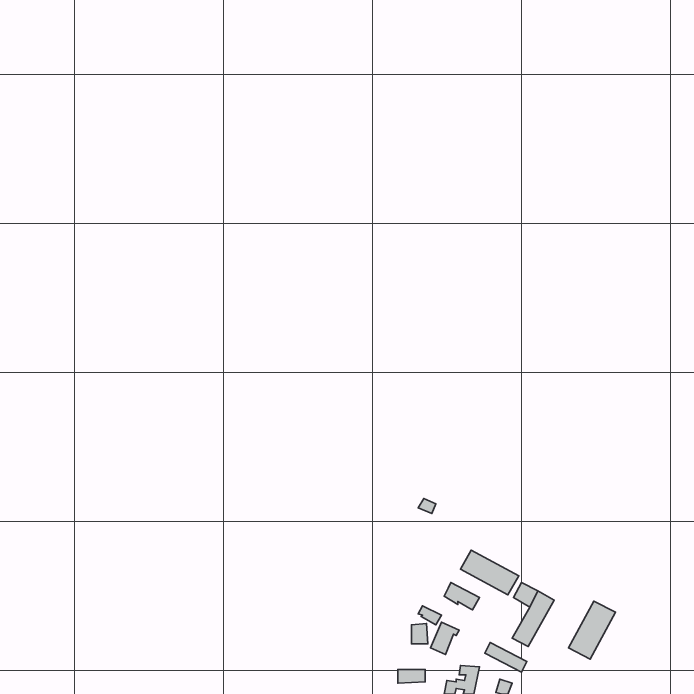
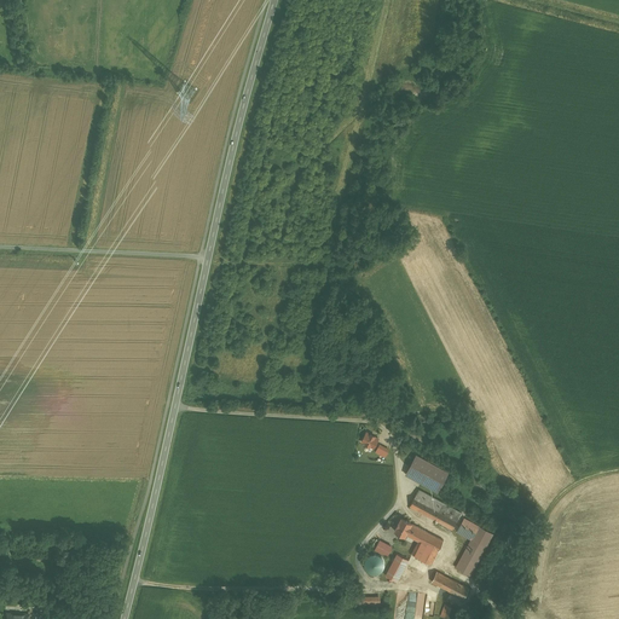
building: none -> [401,453,445,491]
building: none -> [412,532,444,563]
building: [569,601,616,659] -> none

